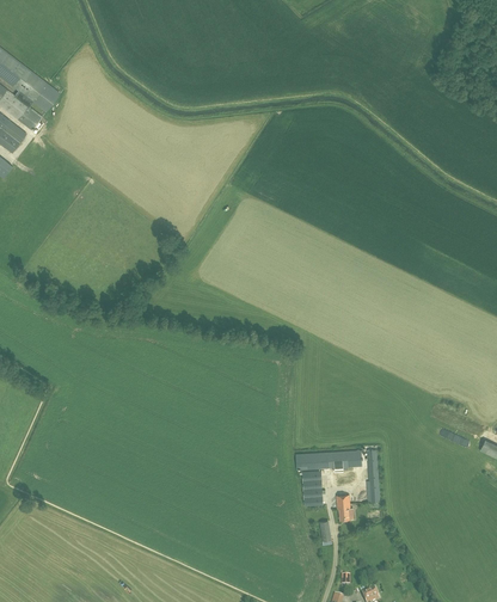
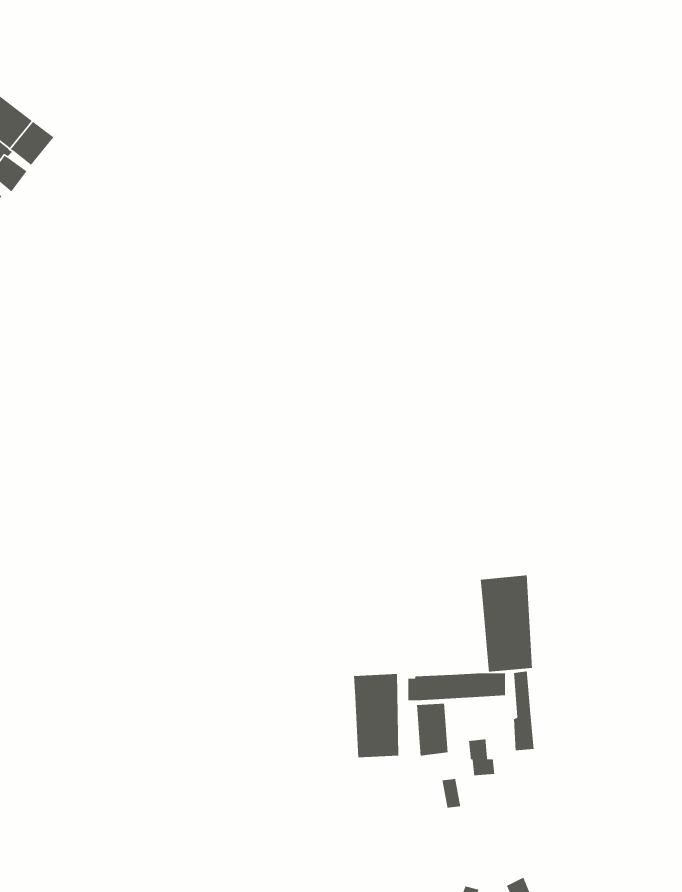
building: none -> [480,575,533,672]
building: none -> [353,673,399,758]

